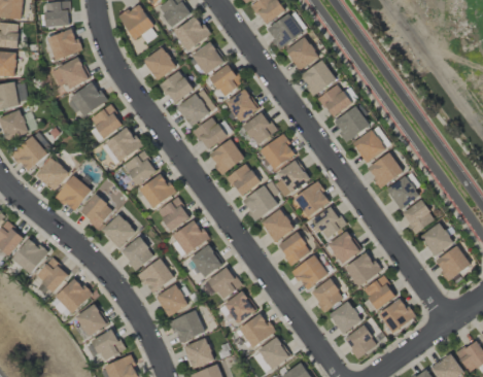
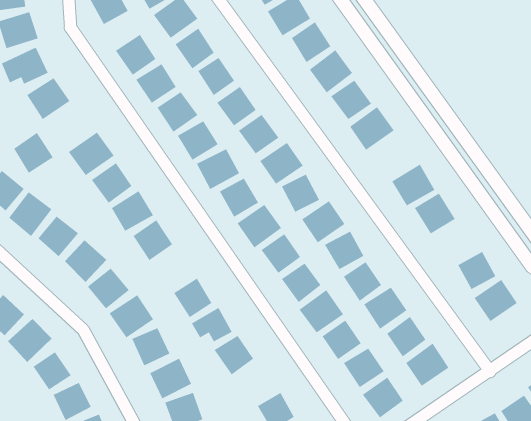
building: [91,105,124,139] -> [13,132,54,174]
building: [353,130,386,164] -> none
building: [403,200,436,234] -> none
building: [173,220,209,254] -> none
building: [240,313,275,347] -> none

